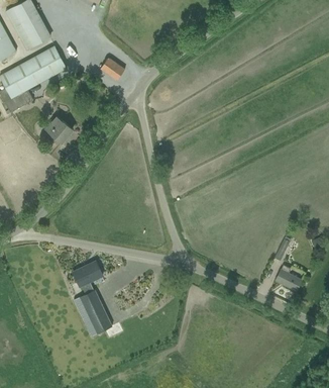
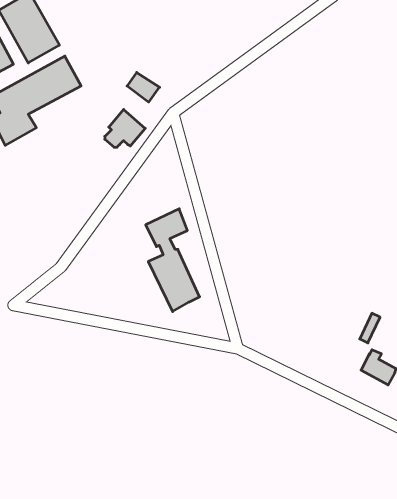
building: [42,115,73,143] -> [105,109,145,147]
building: [72,259,112,335] -> [146,209,200,312]

